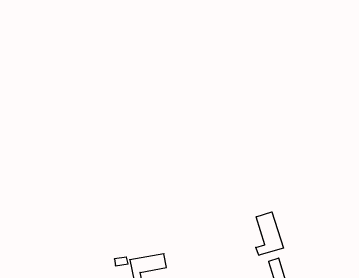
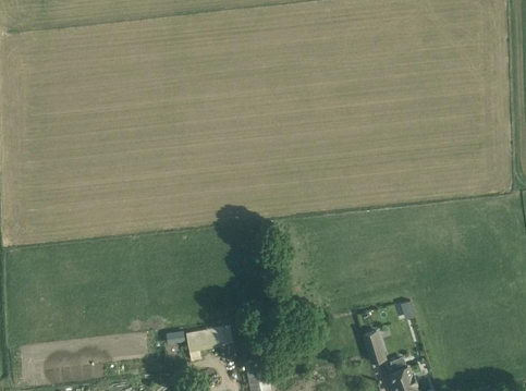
building: [256,212,284,255] -> none

